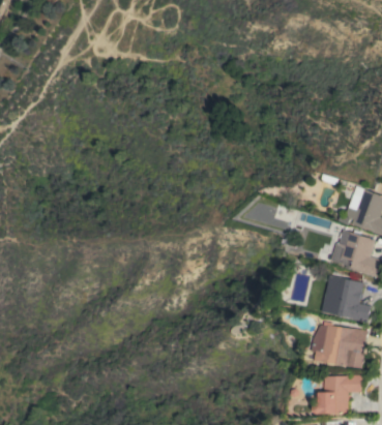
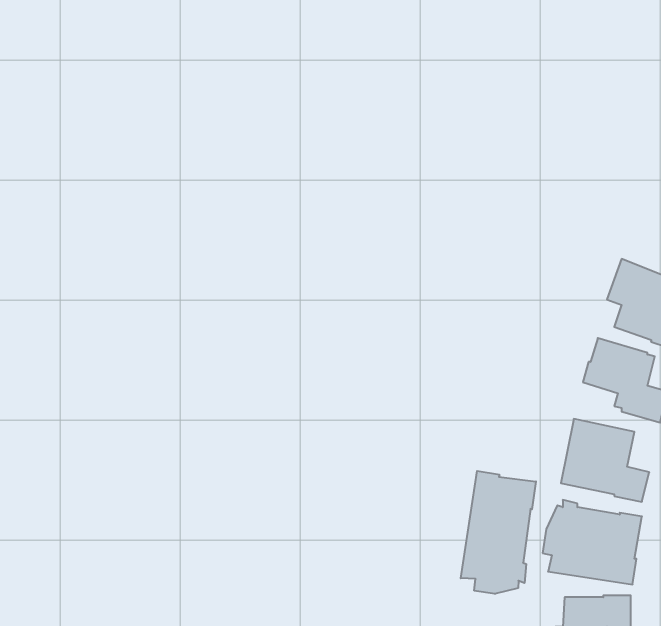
building: none -> [461,471,536,594]

